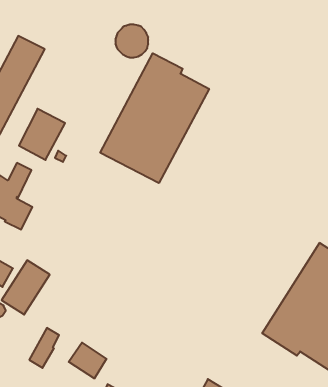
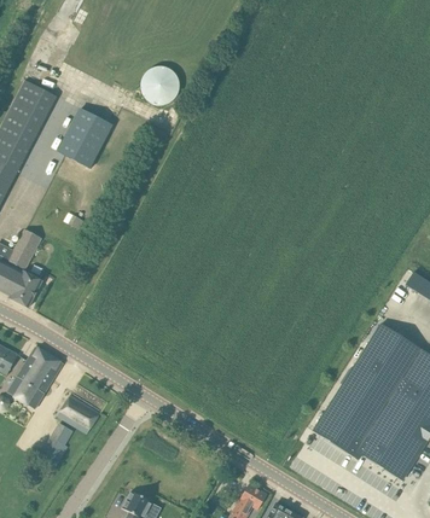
building: [100,53,209,183] -> none
building: [19,109,65,160] -> [58,109,112,169]
building: [69,343,107,378] -> [56,394,100,436]

